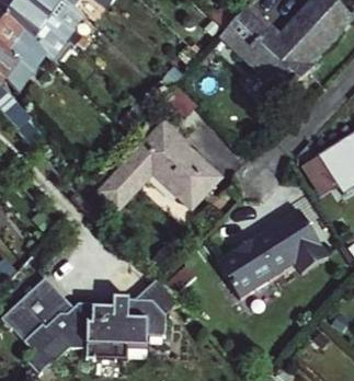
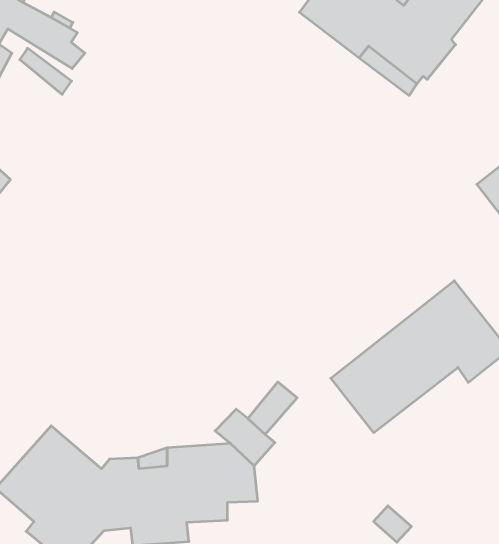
building: [101,120,222,209] -> none

